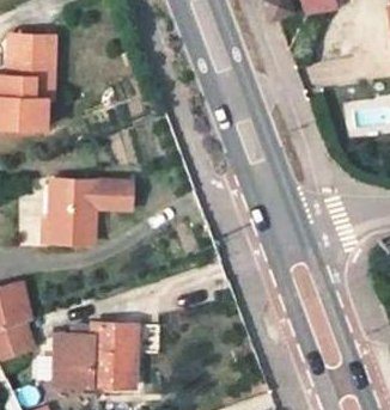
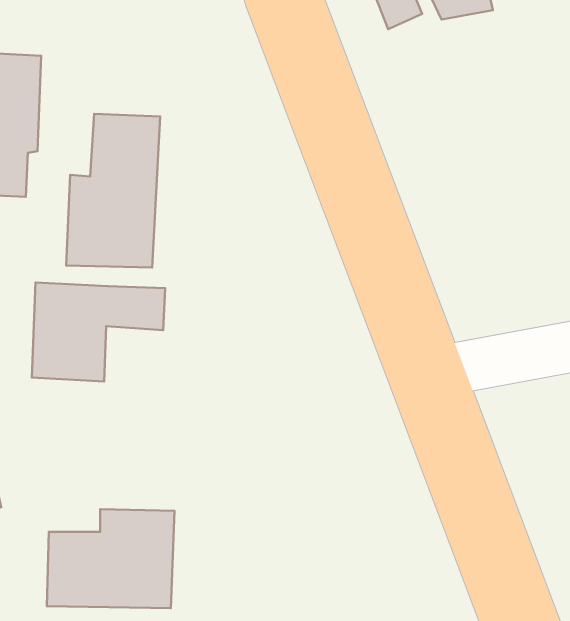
building: none -> [66,114,160,268]

